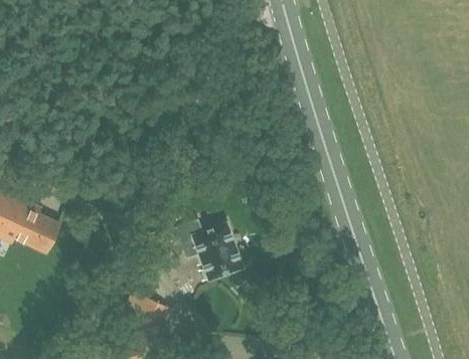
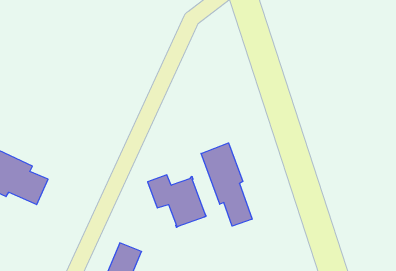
building: none -> [201,143,252,226]

